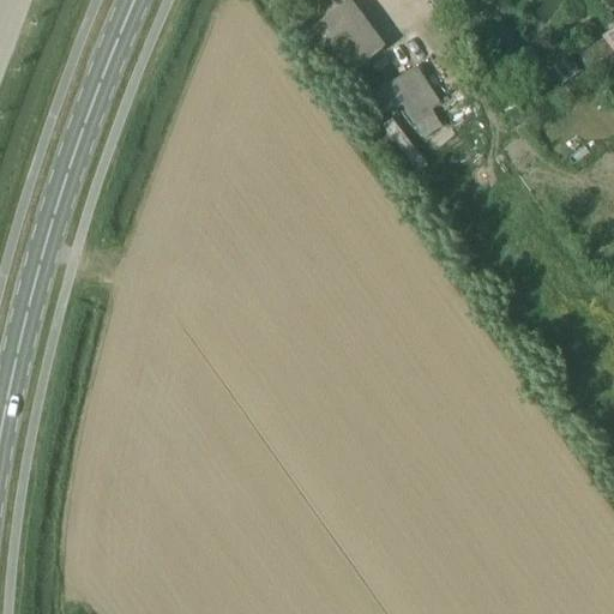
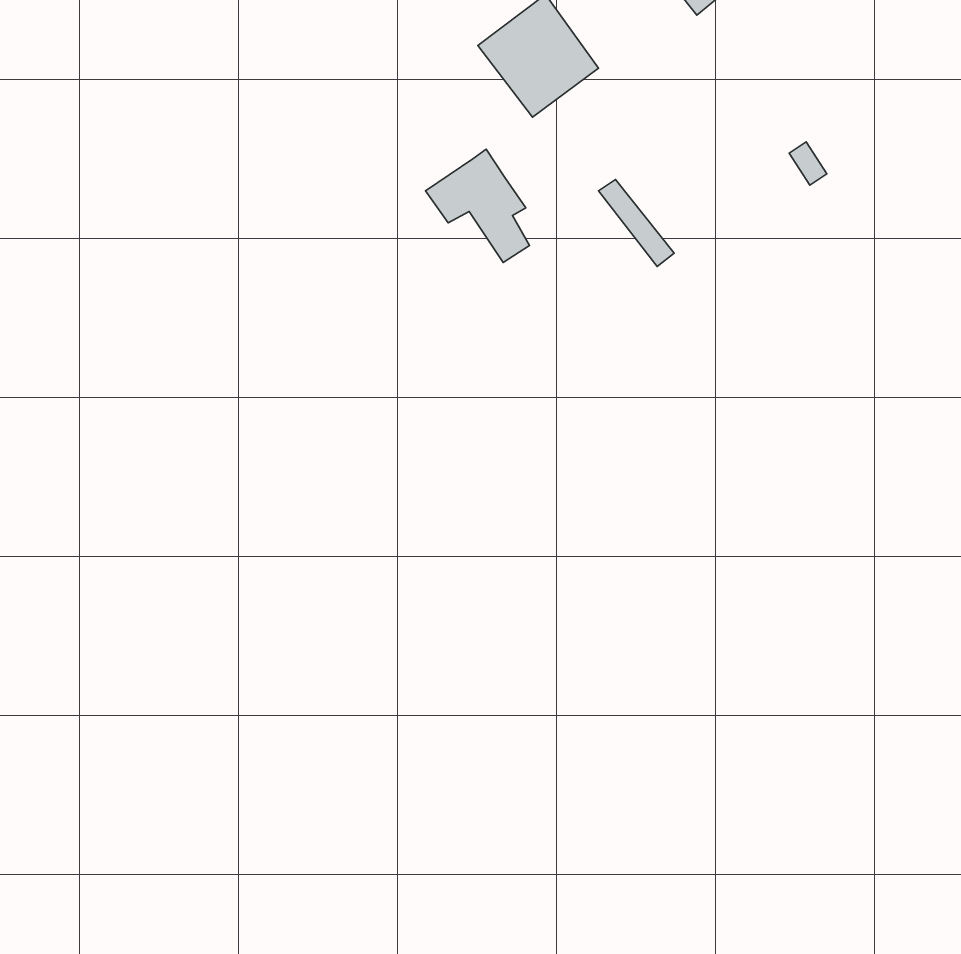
building: [378,61,444,133] -> [426,149,529,263]

